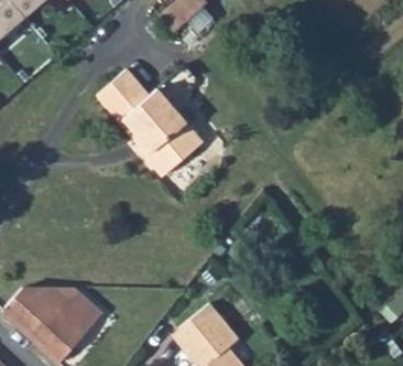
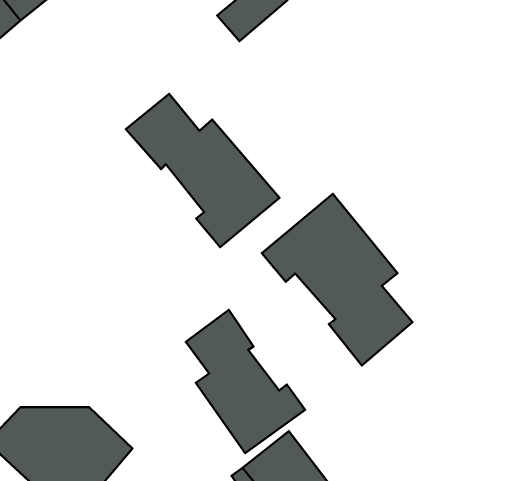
building: none -> [262,194,412,365]
building: none -> [186,310,305,453]

